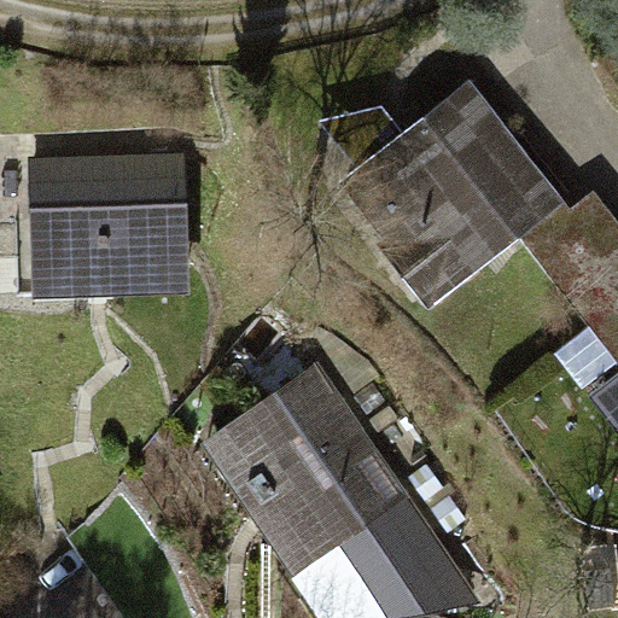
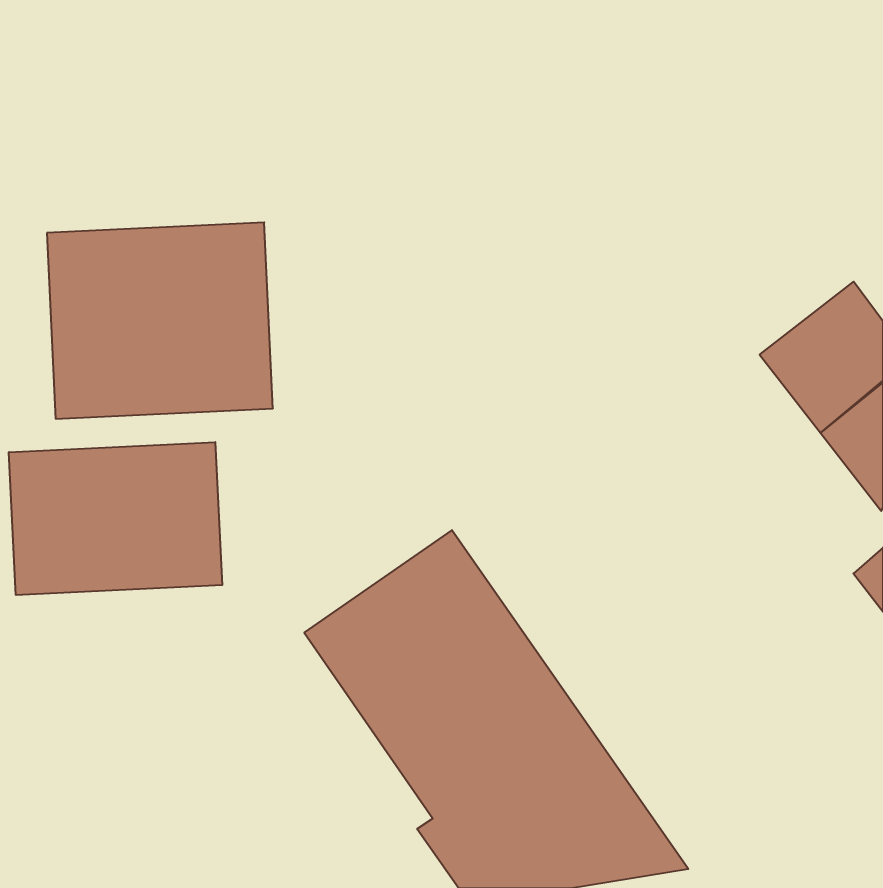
building: [320,81,565,307] -> none
building: none -> [9,442,222,595]

